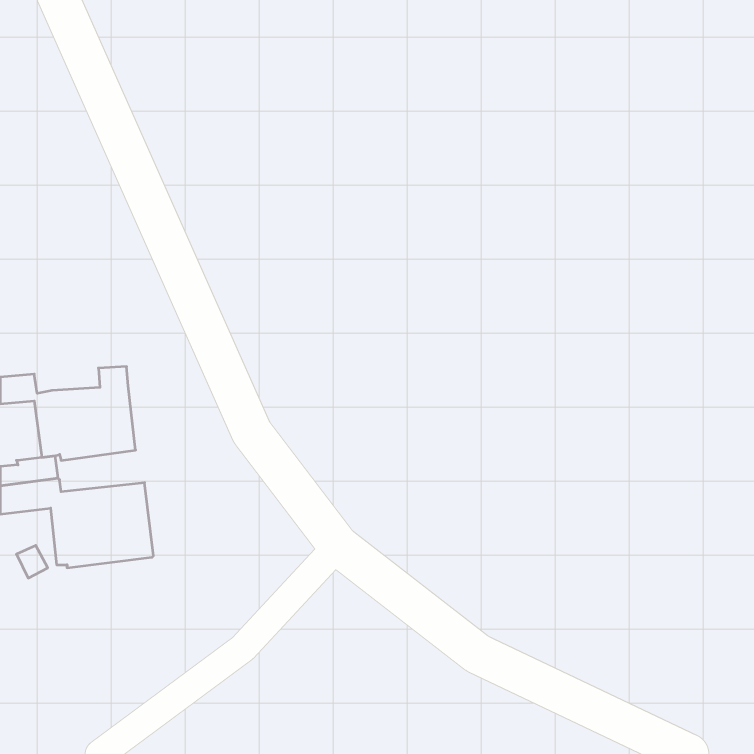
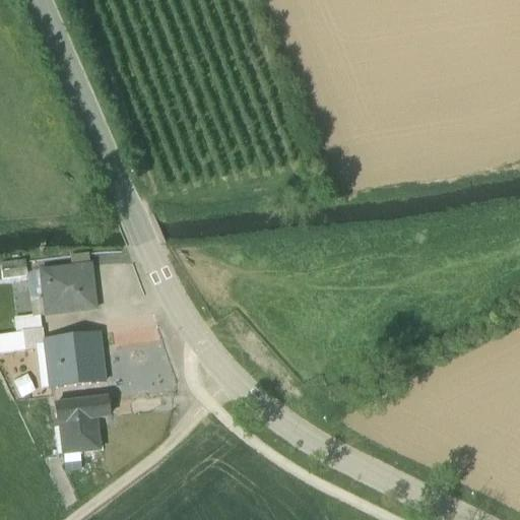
building: none -> [56,395,110,452]

